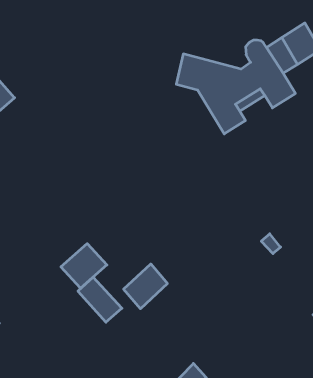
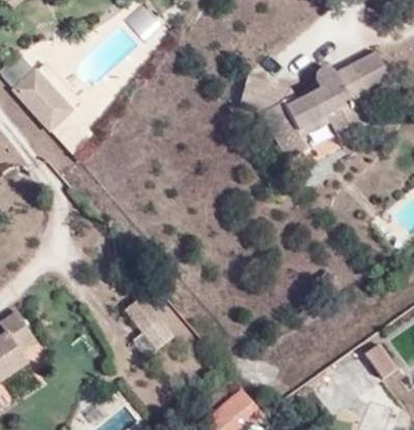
building: [61,244,107,288] -> none
building: [124,264,167,309] -> none

